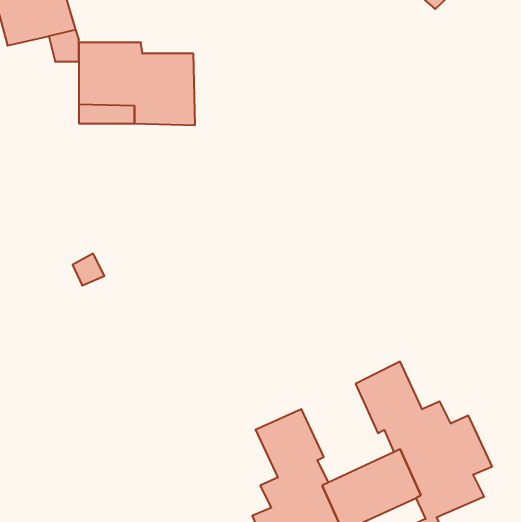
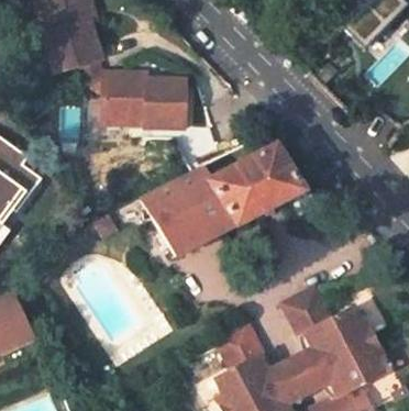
building: none -> [147,146,305,258]

